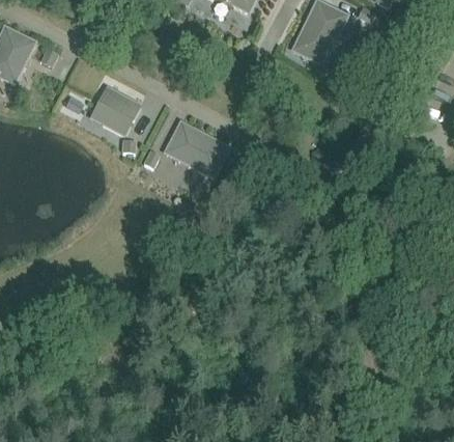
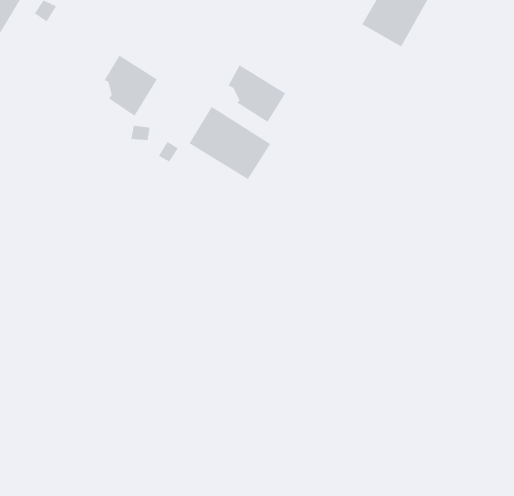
building: none -> [227,64,286,123]

